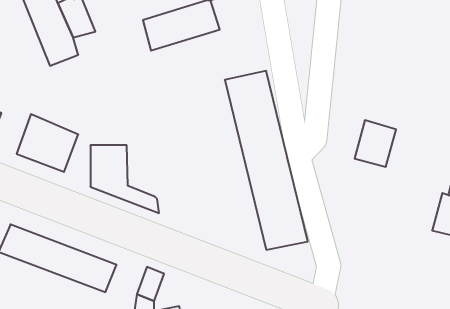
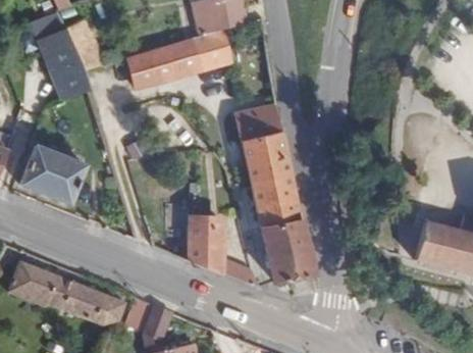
building: none -> [127,53,160,91]
building: [355,120,396,167] -> [412,218,454,265]
building: [90,145,159,213] -> [188,216,257,285]

